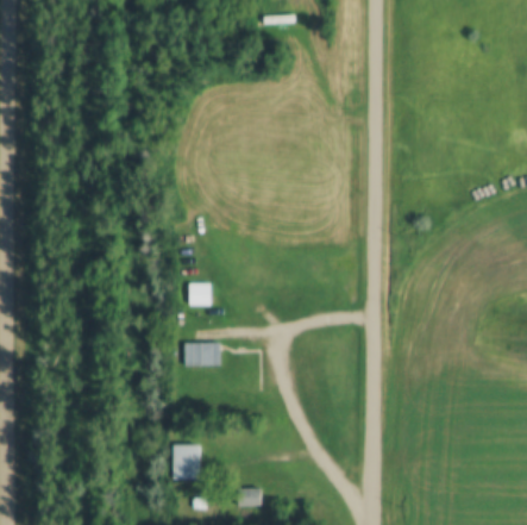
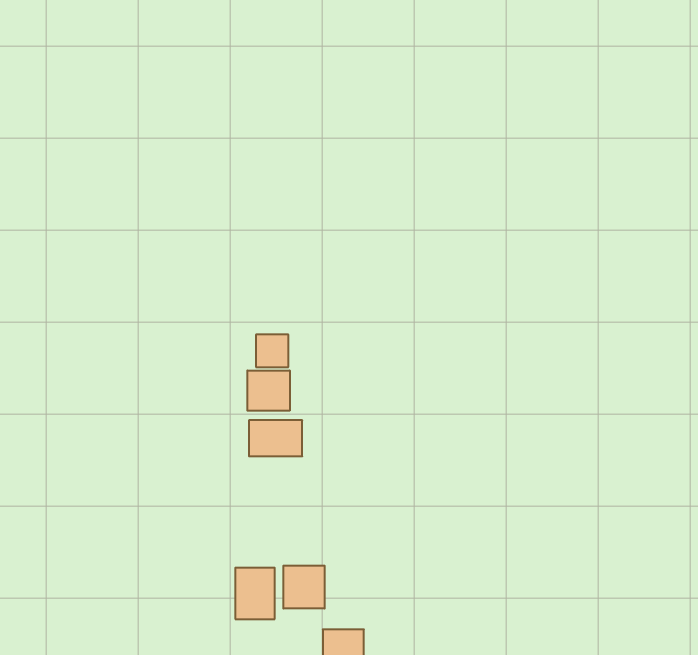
building: none -> [247,370,290,411]
building: none -> [283,566,325,609]

